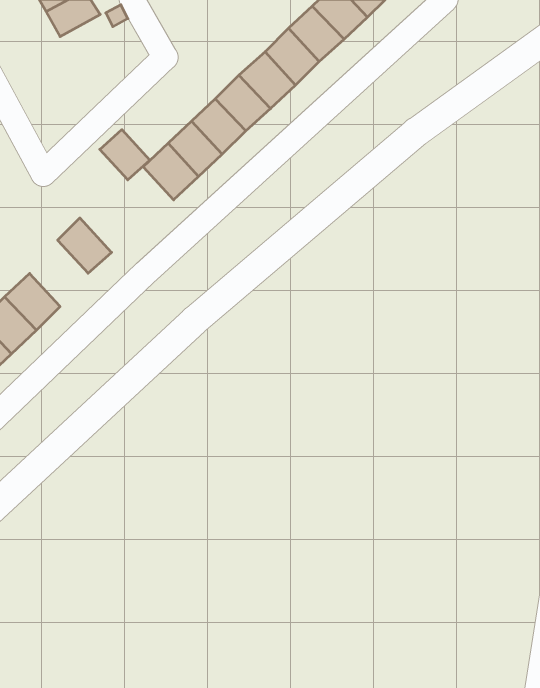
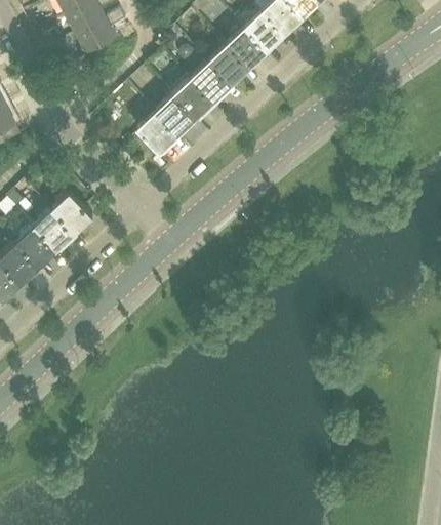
building: none -> [75,16,115,52]
building: [100,130,150,180] -> none
building: [58,218,112,273] -> [52,192,92,233]

